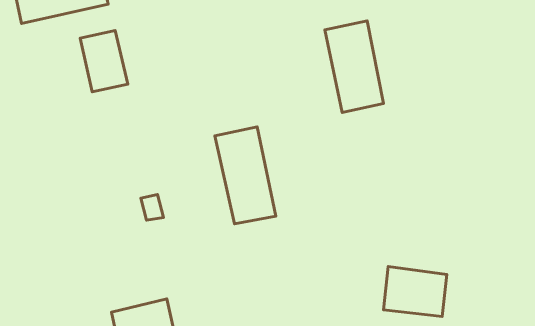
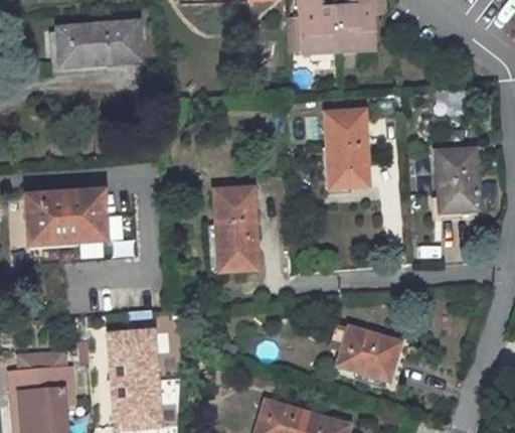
building: [80,31,128,92] -> none
building: none -> [438,148,478,211]
building: none -> [27,191,107,242]

